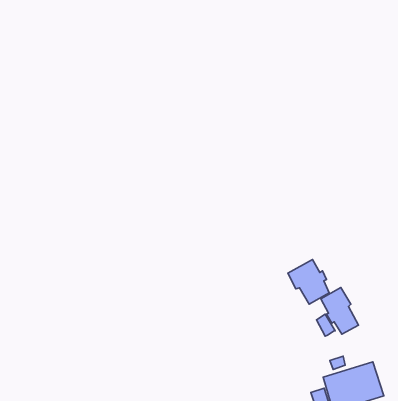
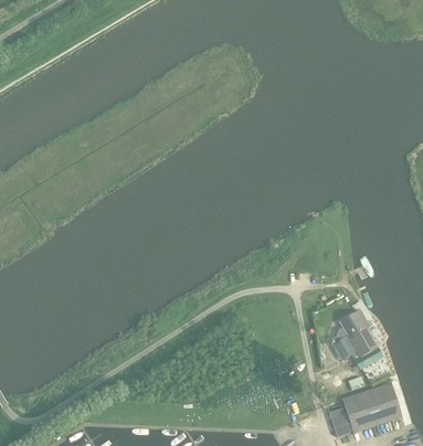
building: [288,260,329,304] -> none

